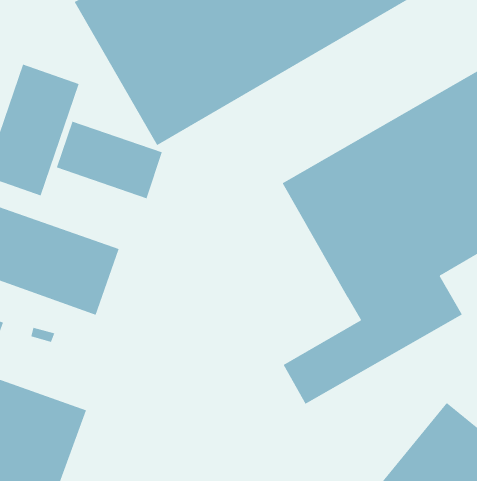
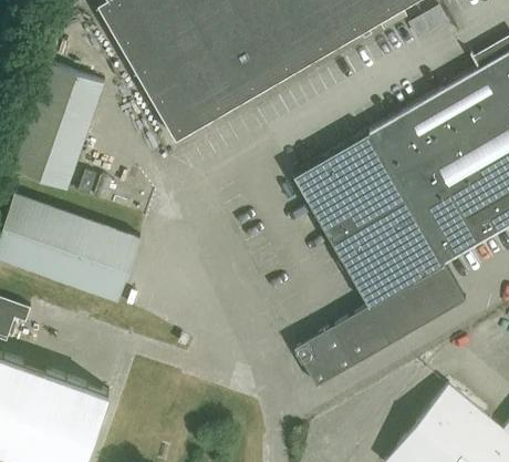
building: [56,121,163,199] -> none

